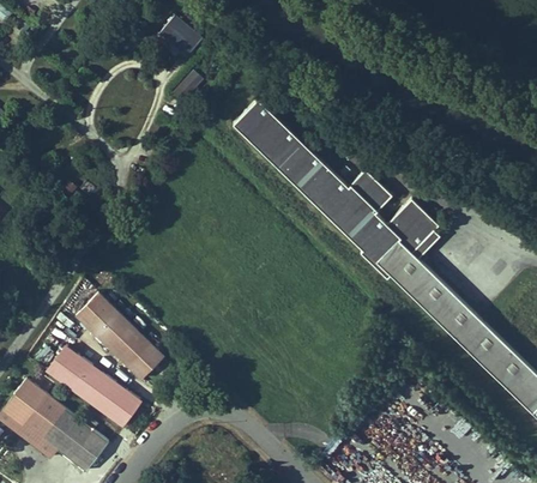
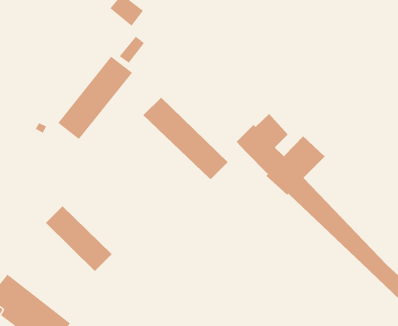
building: none -> [57,56,133,140]
building: [235,99,346,207] -> [143,97,228,180]
building: [46,344,144,428] -> none

